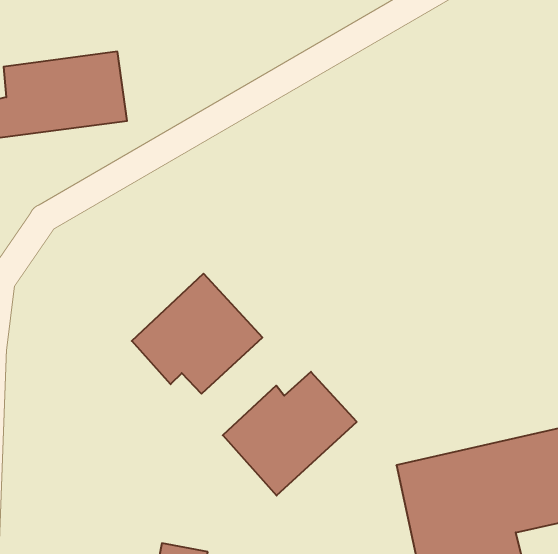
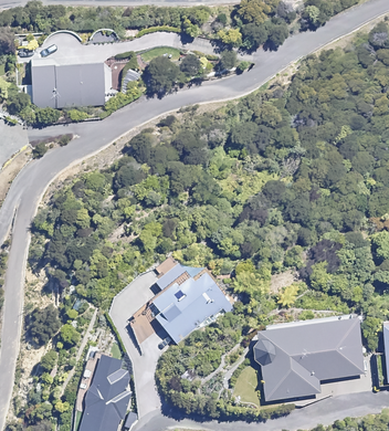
building: [132,274,262,394] -> none

